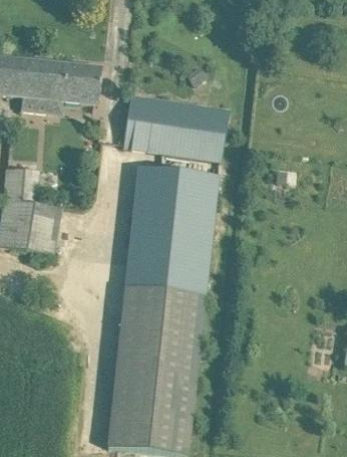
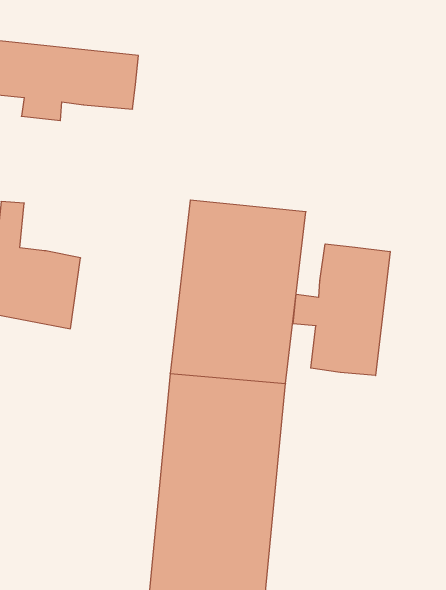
building: [124,95,228,162] -> none
building: none -> [293,244,390,376]

